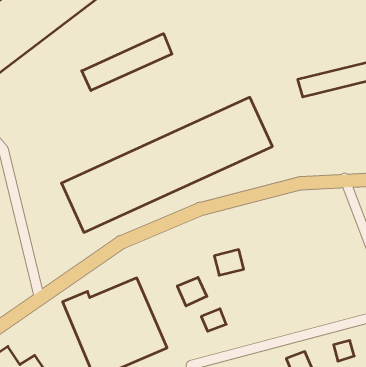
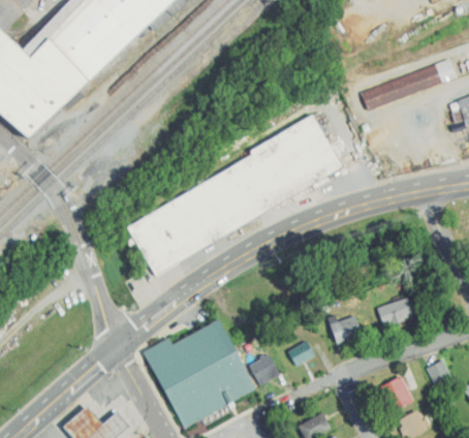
building: [82,34,172,91] -> none
building: [214,250,244,275] -> [329,314,361,343]
building: [177,277,207,306] -> [247,354,279,385]
building: none -> [375,296,411,324]

